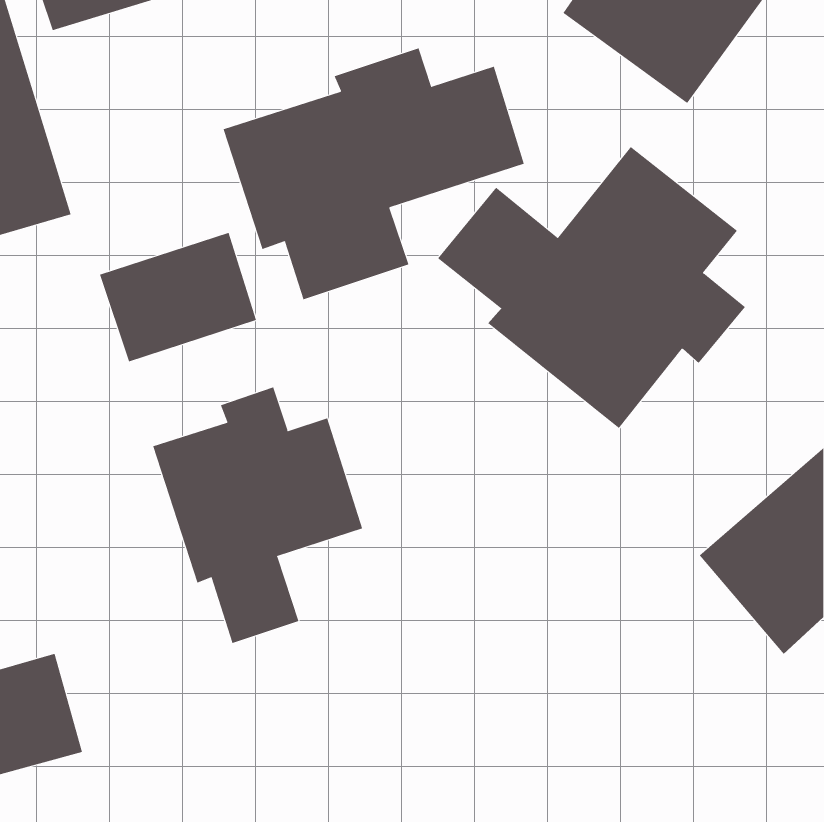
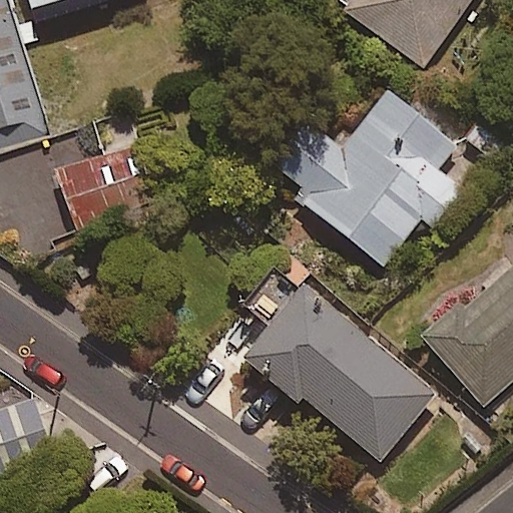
building: [223,47,525,300] -> none
building: [152,386,363,644] -> none
building: none -> [247,270,434,459]

